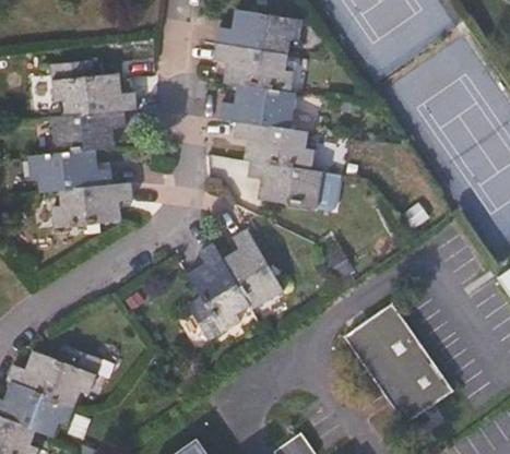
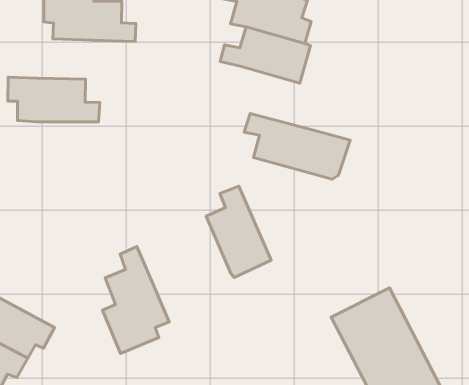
building: [50,110,128,153] -> none
building: [232,120,315,170] -> none
building: [51,183,134,230] -> none
building: [187,243,249,342] -> [103,246,169,354]

